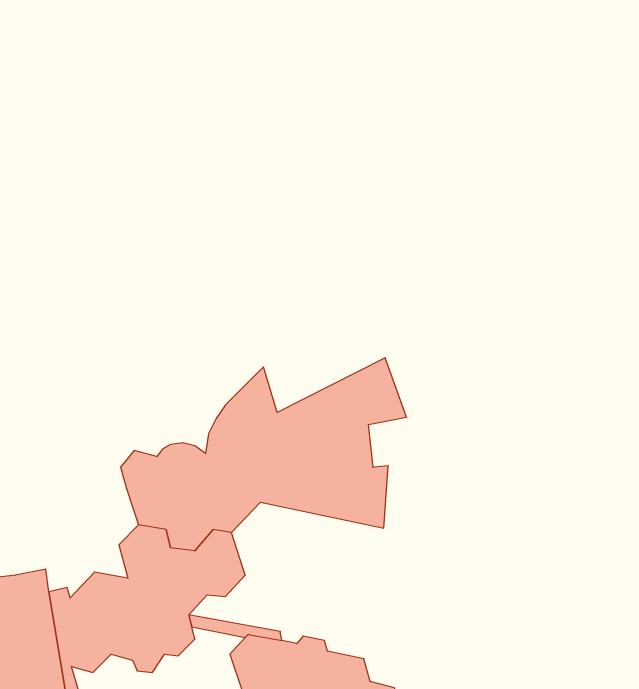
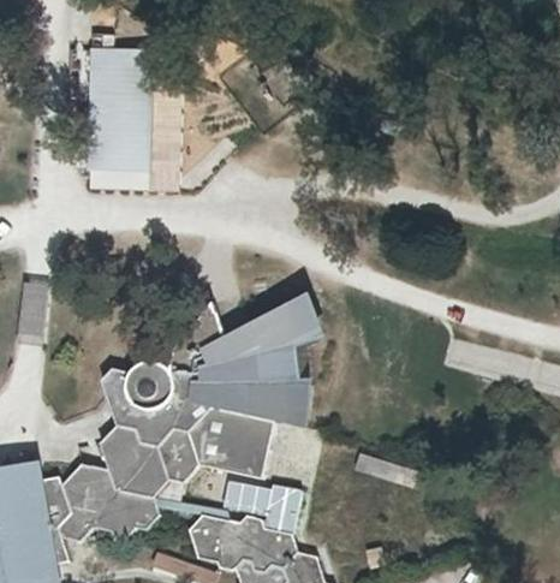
building: none -> [85,49,153,173]
building: none -> [187,409,273,480]
building: none -> [222,478,300,533]

